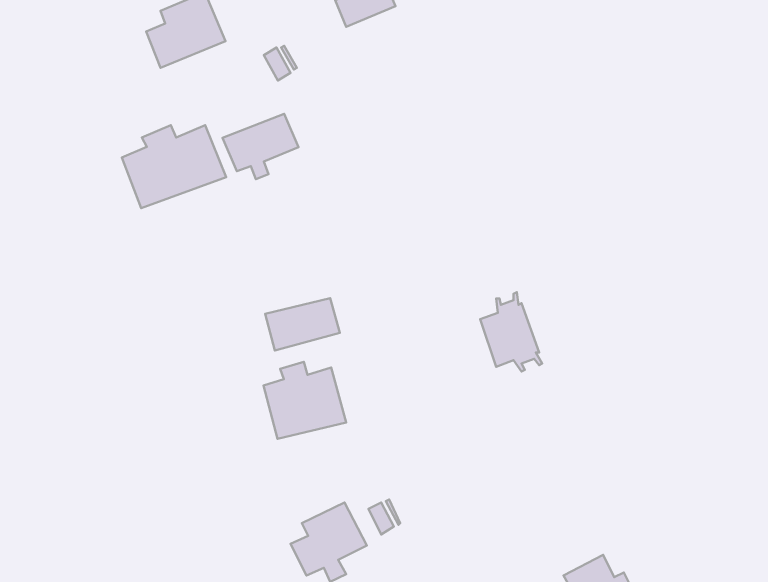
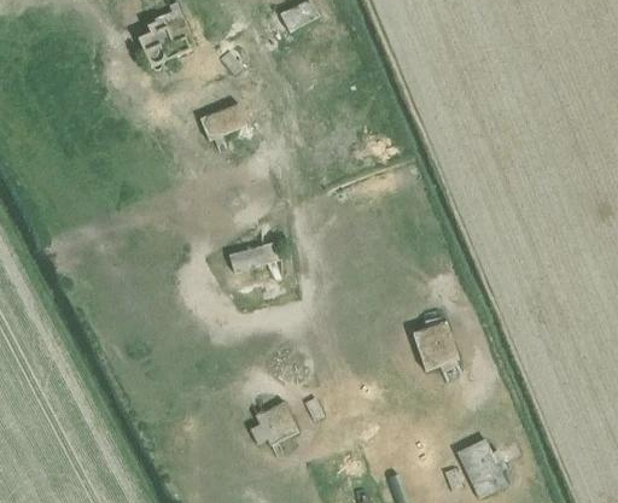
building: [122,125,226,208] -> none
building: [480,292,542,371] -> [414,309,461,369]
building: [264,362,346,439] -> none

